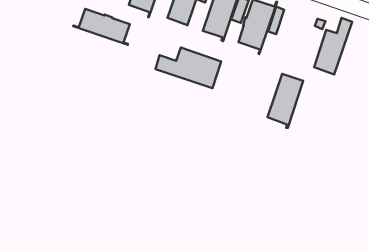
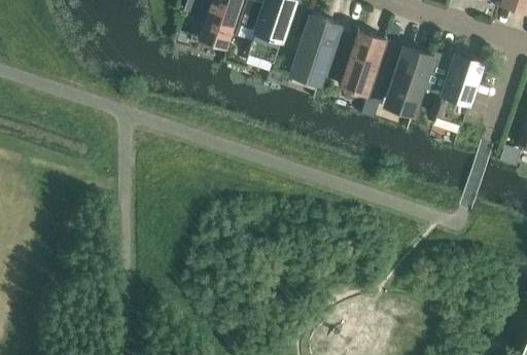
building: [73,9,130,45] -> none
building: [155,48,221,88] -> none
building: [268,74,303,128] -> [386,46,431,115]

